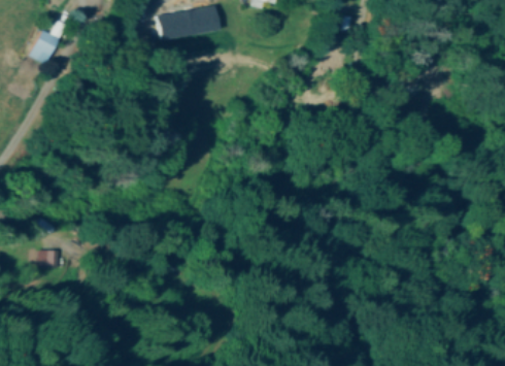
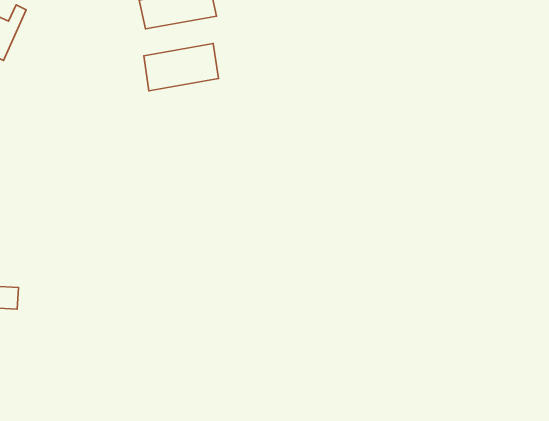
building: none -> [144,44,218,91]

